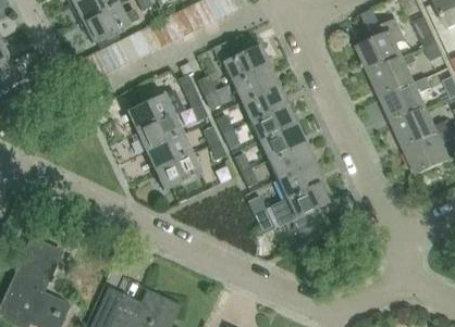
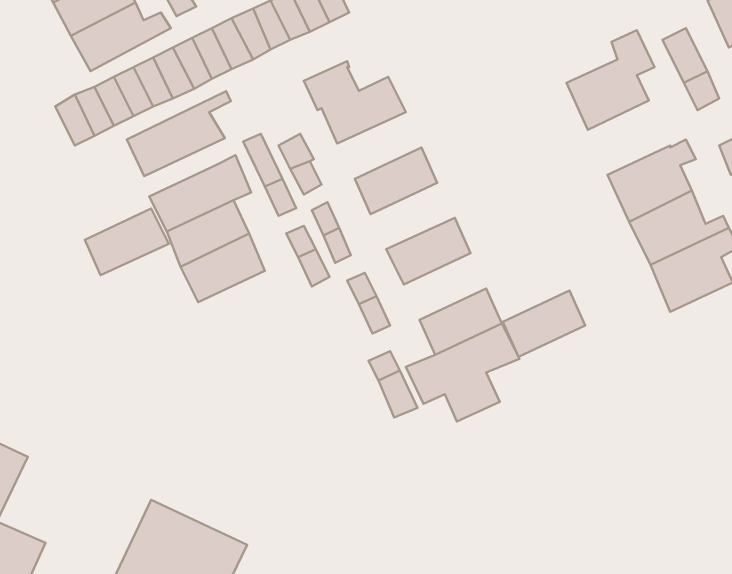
building: none -> [127,91,231,176]
building: [370,53,417,99] -> none
building: [231,64,278,101] -> none
building: [249,103,296,140] -> none
building: [268,142,313,179] -> [503,290,585,357]
building: [153,152,200,189] -> [85,208,169,275]

